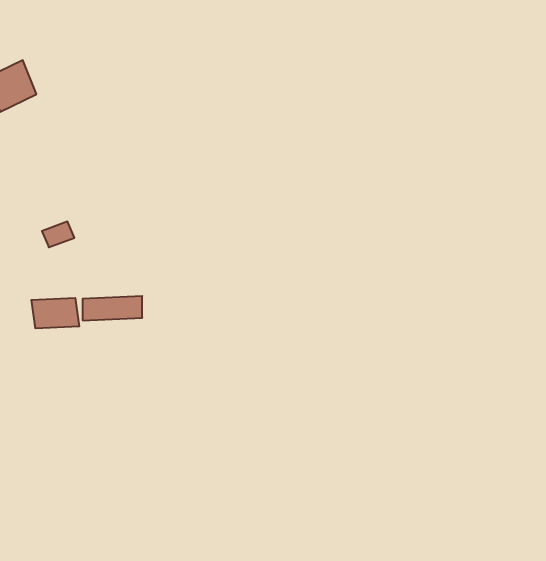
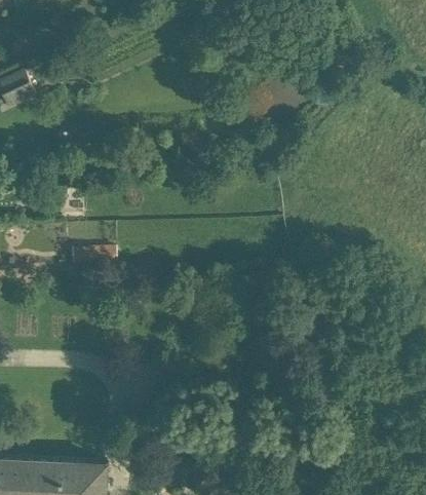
building: [31,298,79,328] -> none

